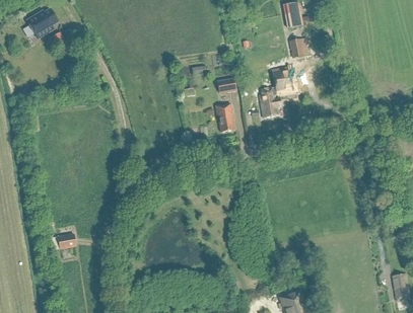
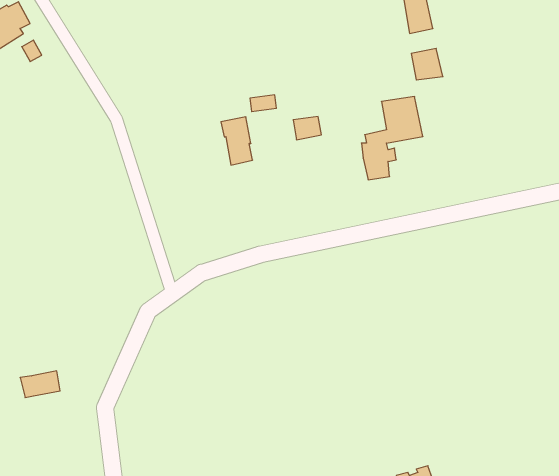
building: [214,103,233,133] -> [221,117,253,165]

